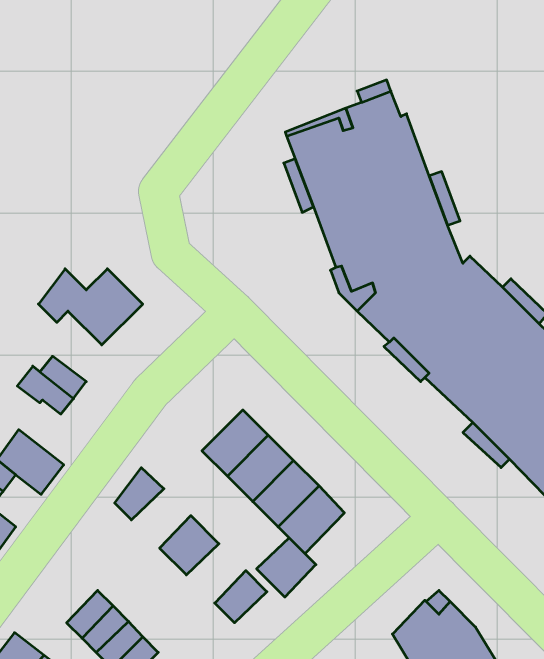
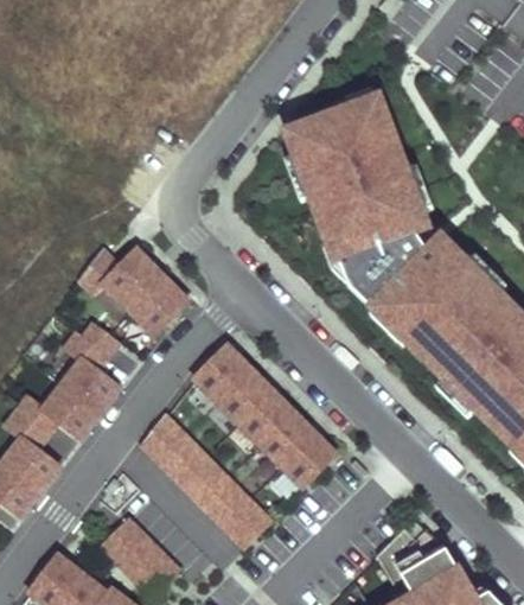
building: none -> [133,278,190,335]
building: none -> [194,344,251,401]
building: none -> [63,358,121,413]
building: none -> [158,433,207,483]
building: [257,538,316,597] -> [204,479,254,529]

